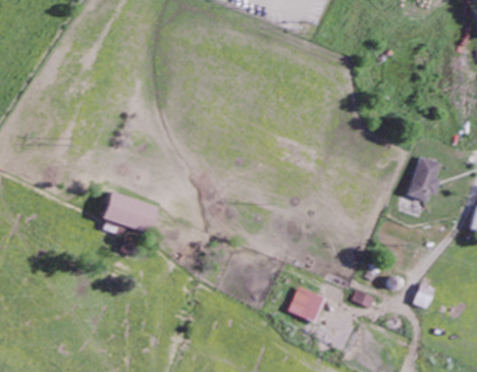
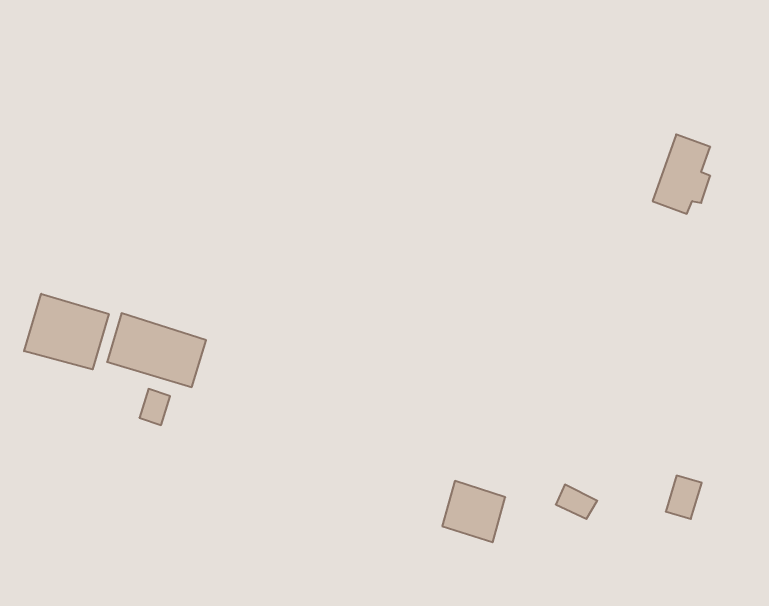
building: [407,157,439,202] -> [653,134,710,214]
building: none -> [24,294,109,369]

